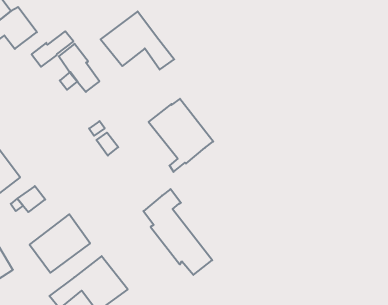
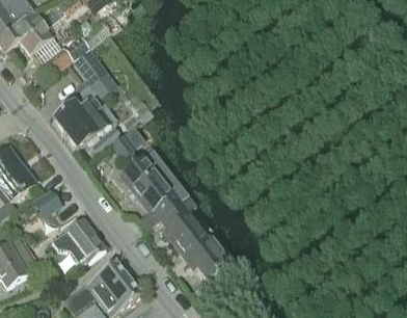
building: [101,11,174,70] -> none
building: none -> [54,98,111,147]
building: [149,99,213,172] -> [121,151,186,223]

